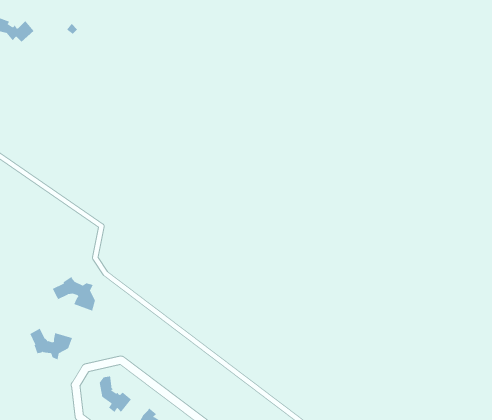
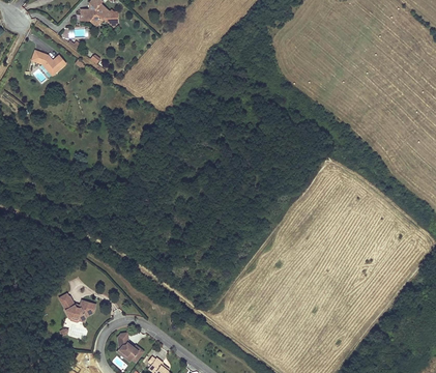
building: [52,276,96,311] -> none

